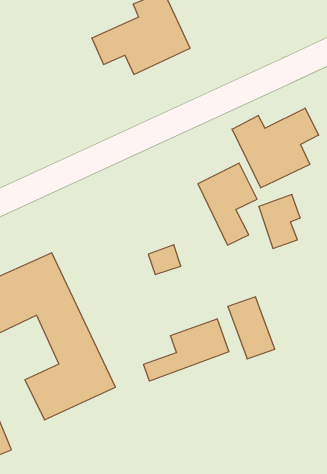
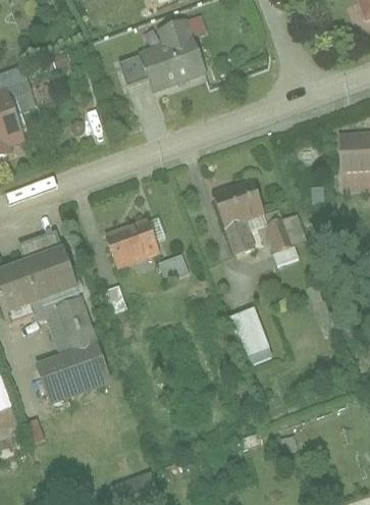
building: [232,108,319,188] -> none
building: none -> [104,217,159,267]
building: [143,319,229,381] -> none

